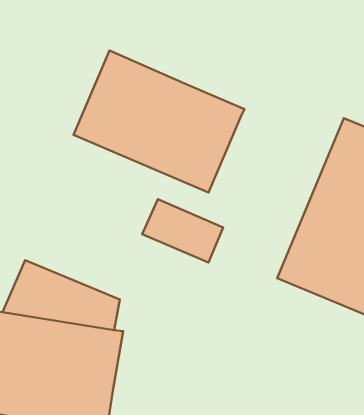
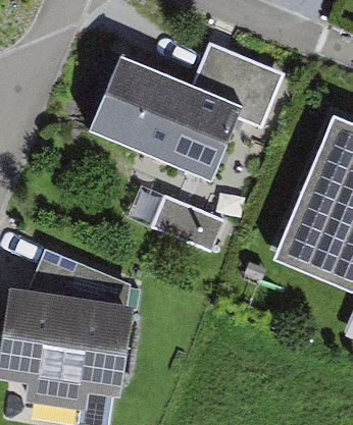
building: none -> [189,37,285,123]

